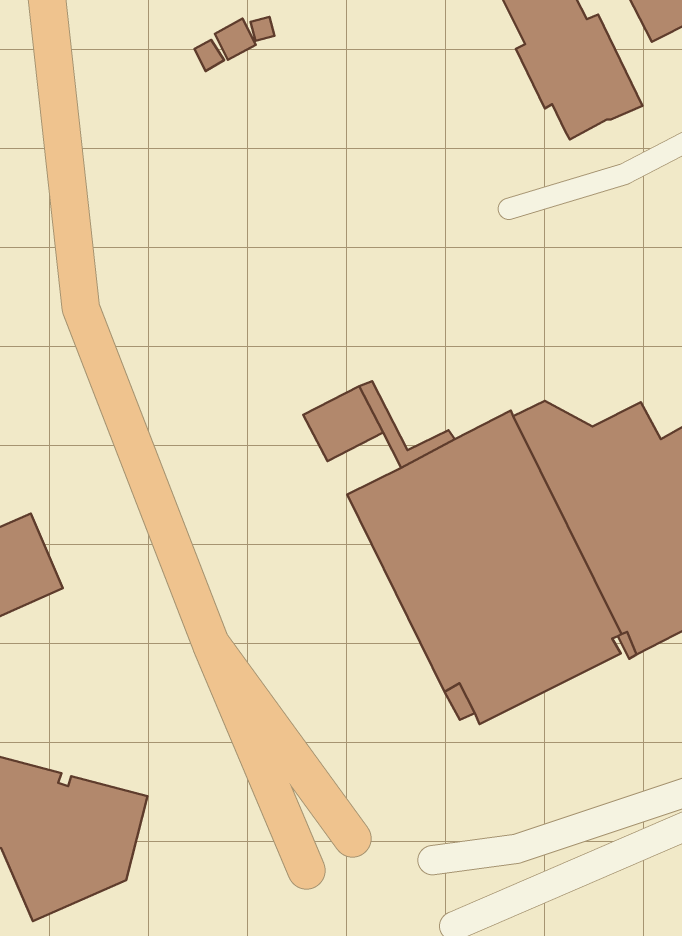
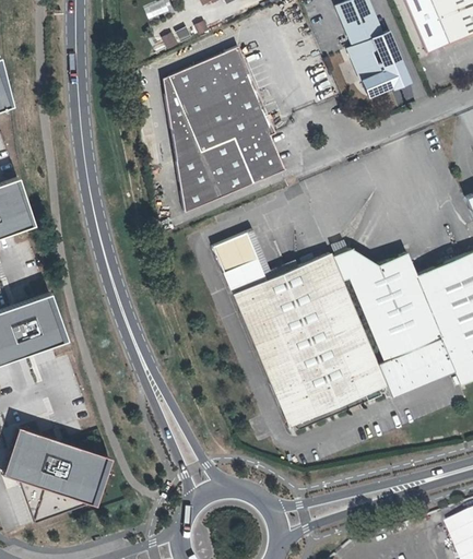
building: none -> [165,45,286,211]
building: none -> [222,261,263,295]

